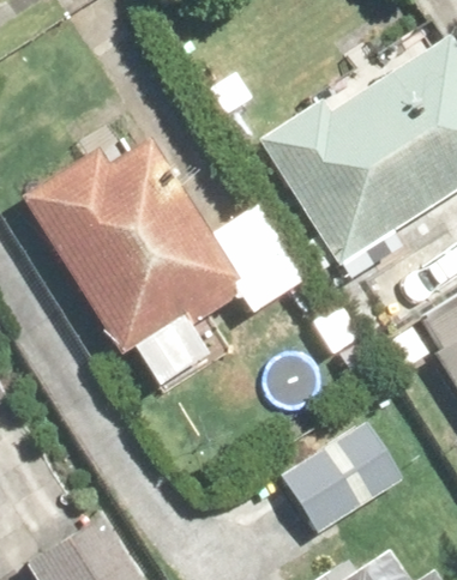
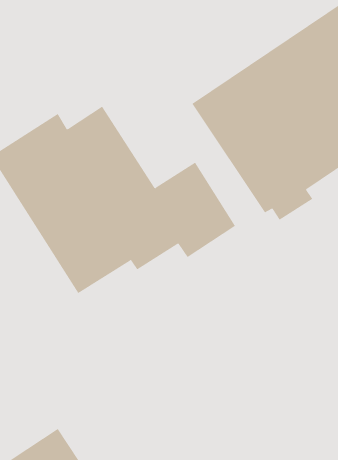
building: [283,417,415,540] -> none

